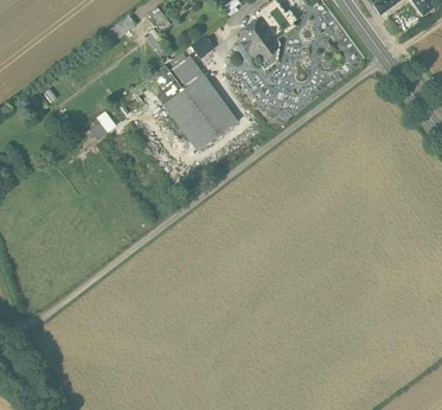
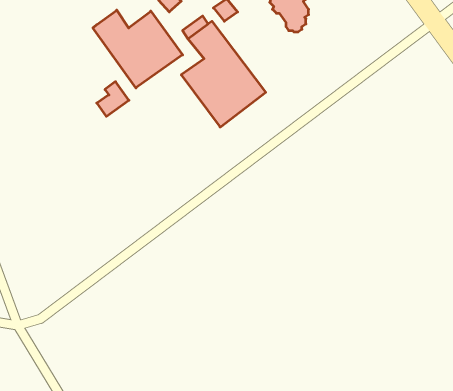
building: none -> [93,10,183,88]

